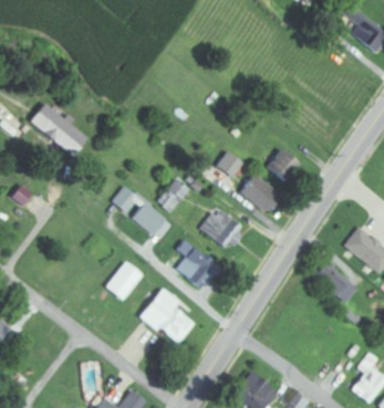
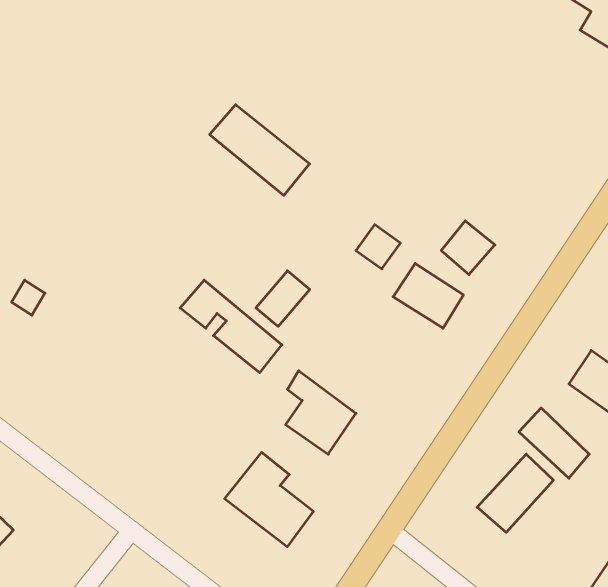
building: [28,103,87,157] -> [210,105,310,195]
building: [200,208,243,250] -> none
building: [105,261,142,301] -> none
building: none -> [477,454,553,532]

